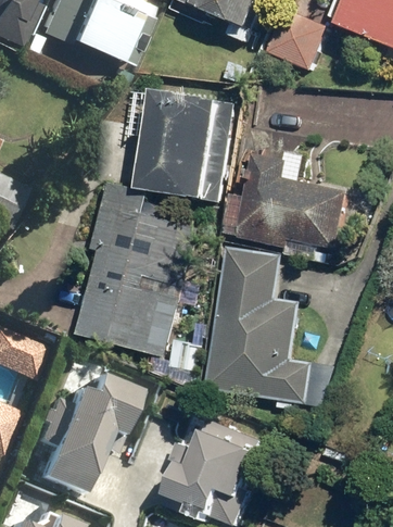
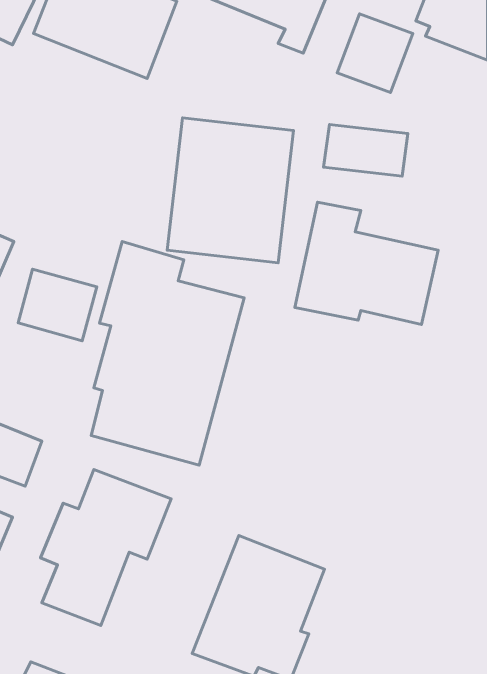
building: none -> [324,124,408,176]
building: none -> [18,269,97,341]
building: [203,248,312,406] -> none

